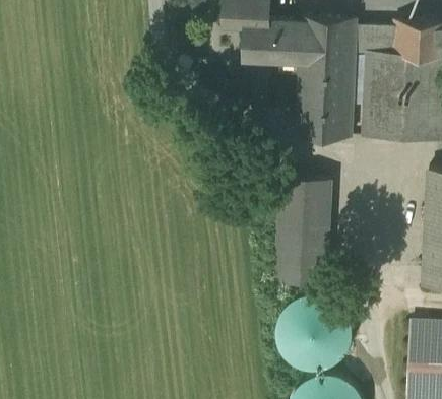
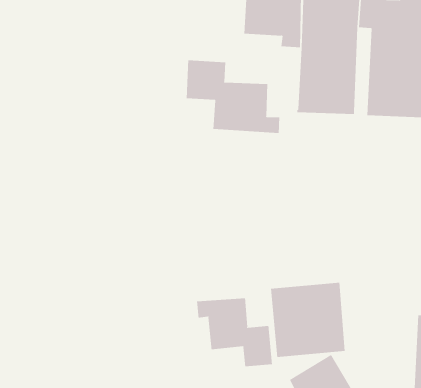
building: none -> [186,60,280,134]
building: [277,178,331,283] -> none
building: none -> [197,298,273,367]

